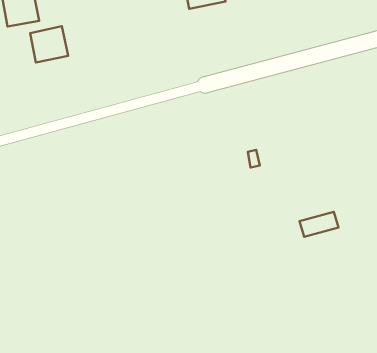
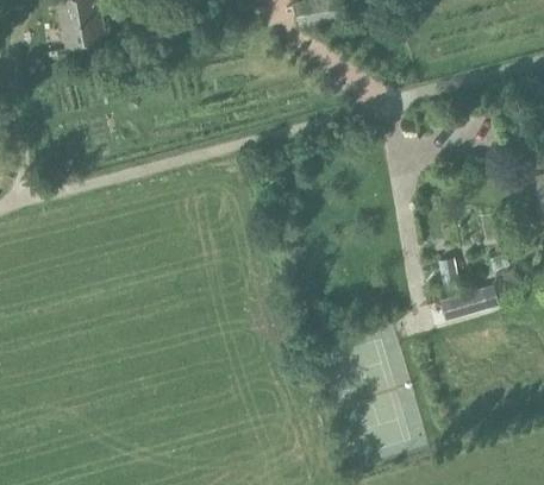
building: [30,26,68,62] -> none

